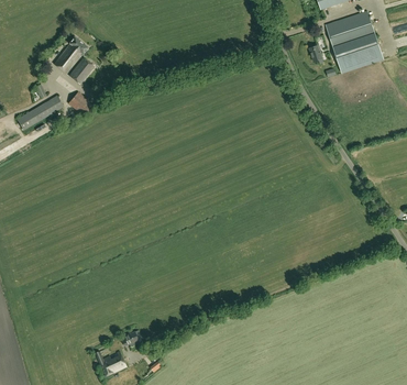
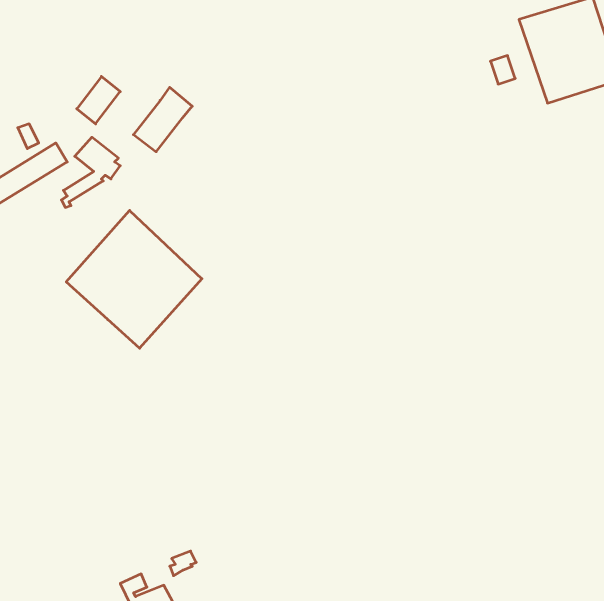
building: [53,36,87,74] -> [133,87,192,152]
building: none -> [66,210,202,348]

